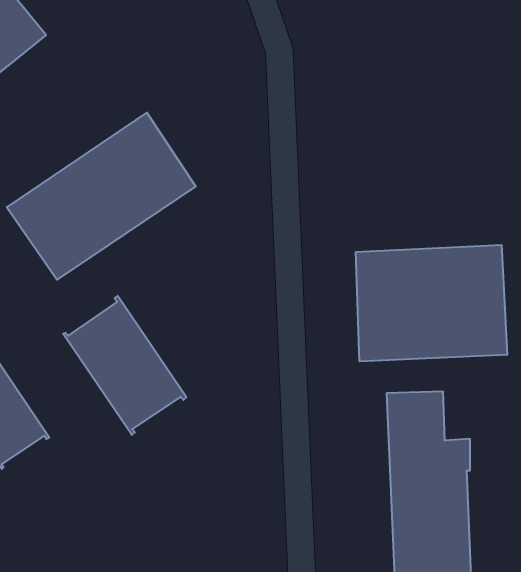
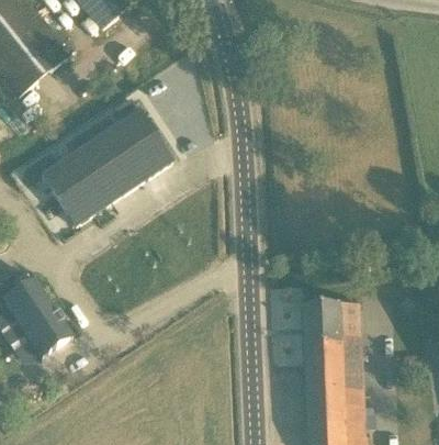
building: [356,245,507,361] -> none
building: [63,296,186,435] -> none

